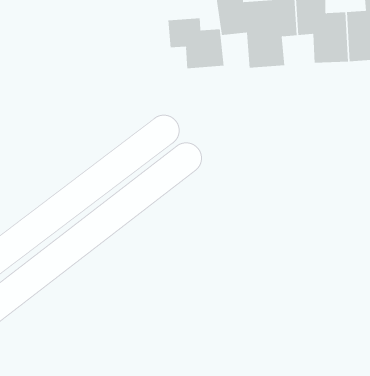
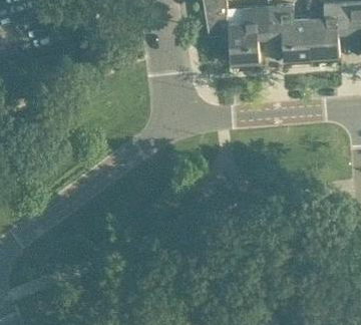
building: [168,18,224,69] -> none

